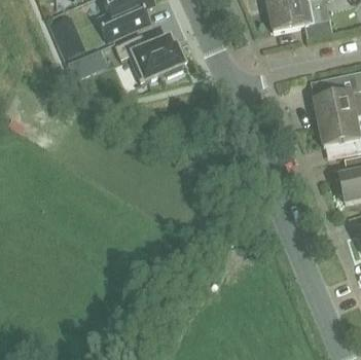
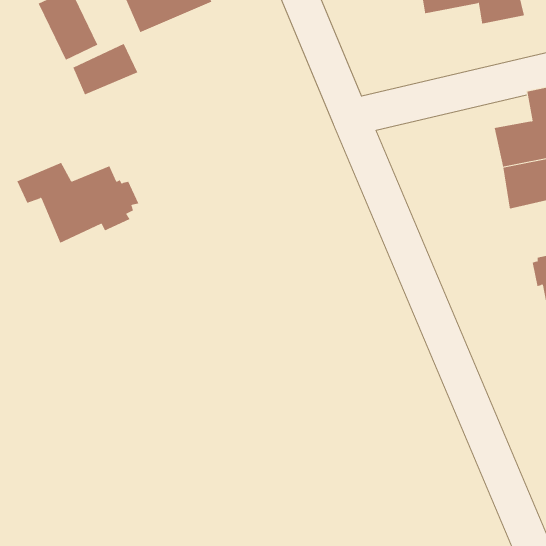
building: [114,34,187,82] -> [17,162,139,243]

